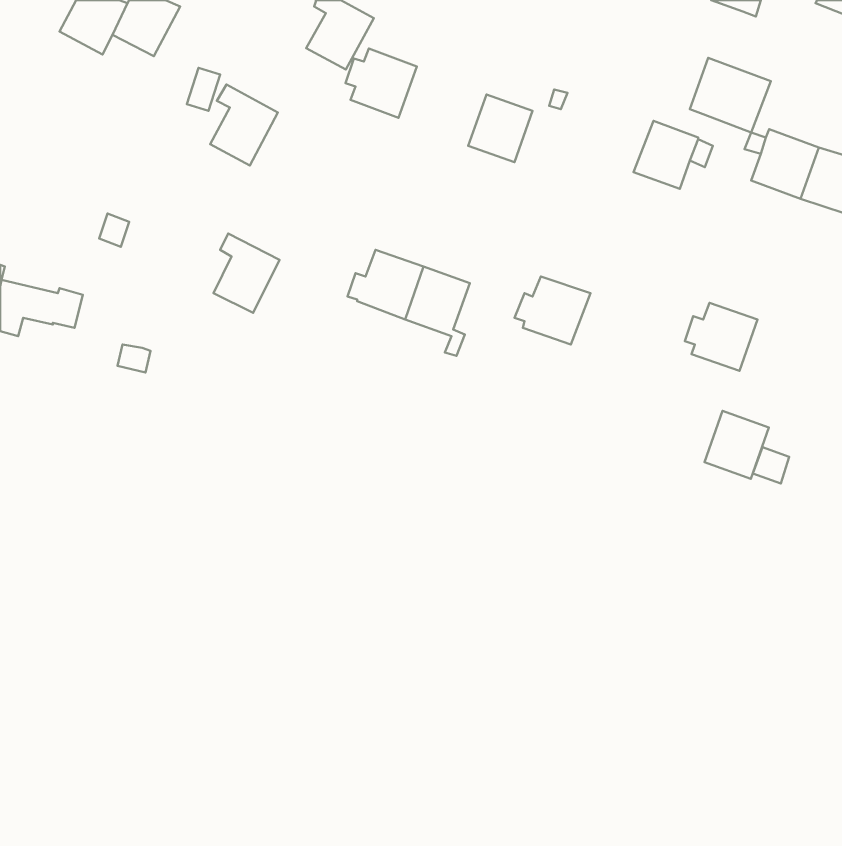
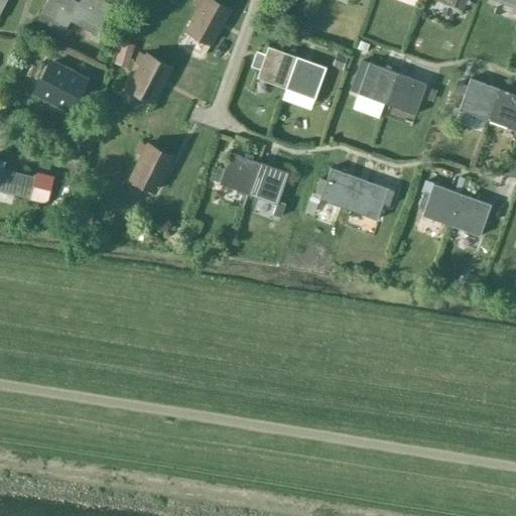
building: [346,48,417,118] -> [255,46,298,89]
building: [690,58,771,132] -> [351,59,400,105]
building: none -> [36,64,85,111]
building: none -> [350,178,395,220]
building: [704,411,769,479] -> [453,195,492,236]

